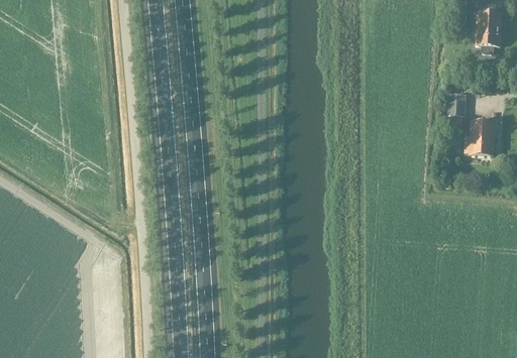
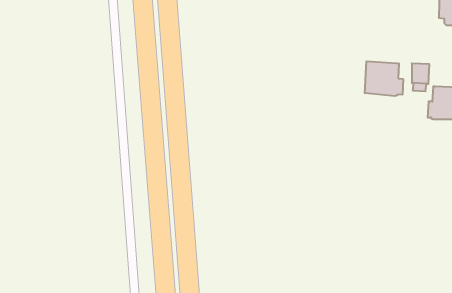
building: none -> [365,61,403,96]

